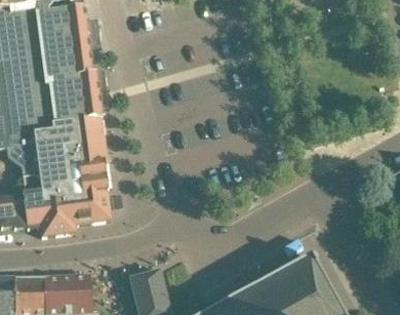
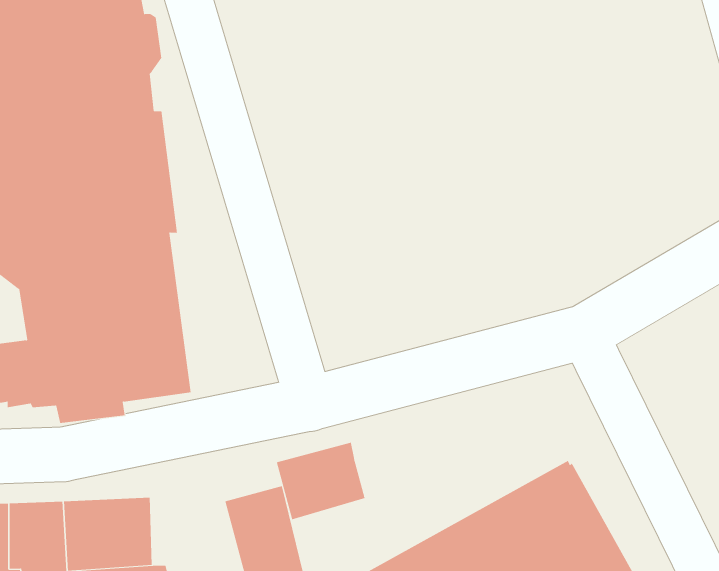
building: none -> [276,442,366,520]

